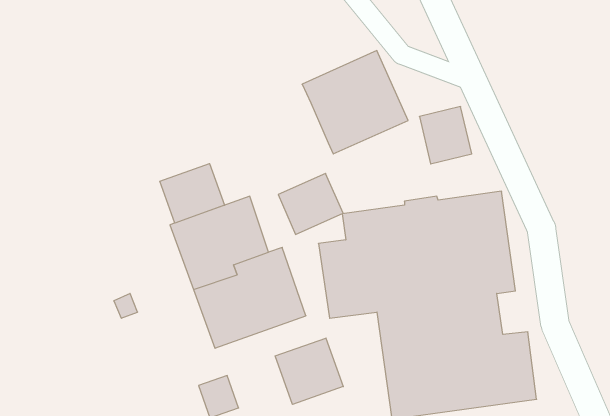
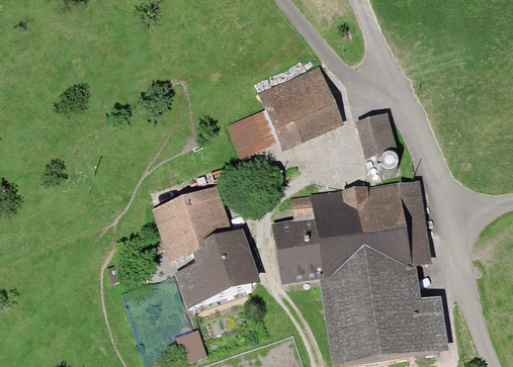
building: [160,164,225,223] -> none
building: [278,173,343,234] -> [227,109,279,159]
building: [275,338,343,404] -> none

